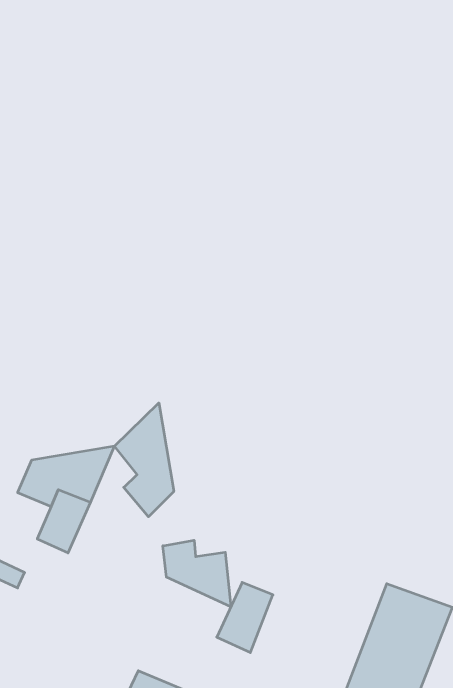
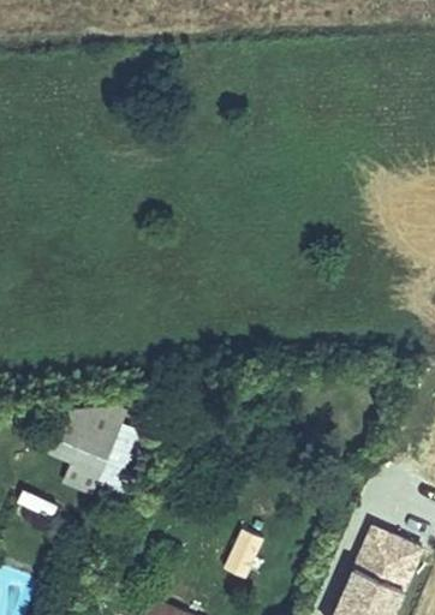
building: [114,403,174,517] -> none
building: [163,540,231,607] -> none

